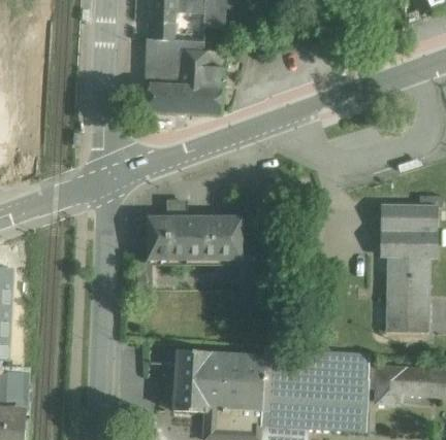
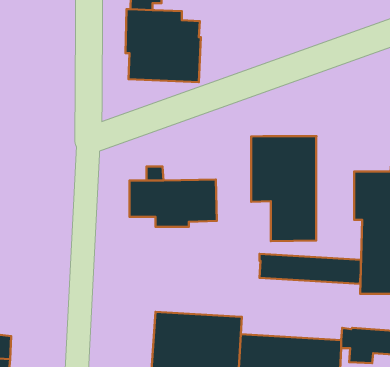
building: none -> [251,136,316,241]
building: [264,348,369,379] -> [260,254,361,284]

